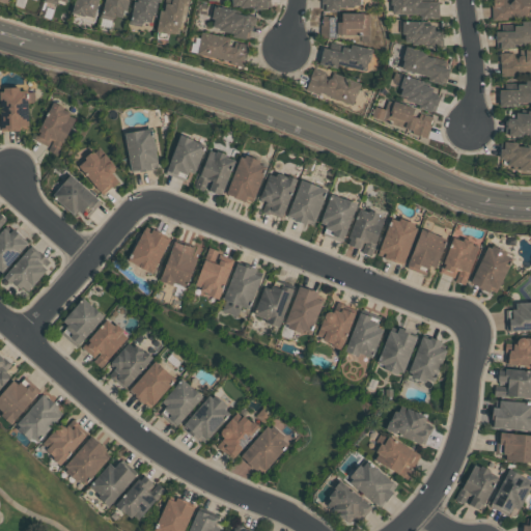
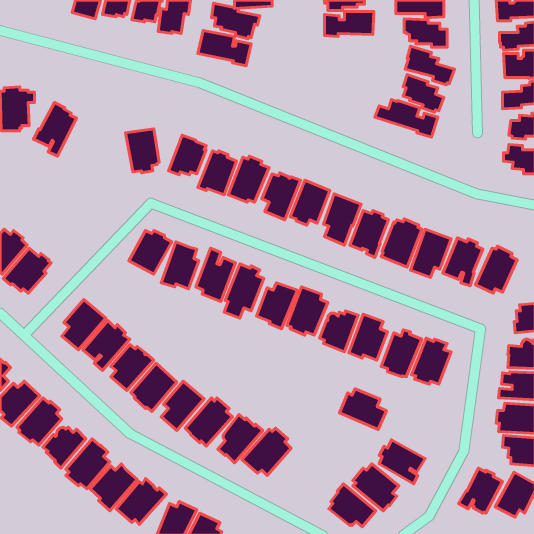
building: [320,45,373,72] -> none
building: [306,68,362,107] -> none
building: [80,147,120,196] -> none
building: [54,175,103,218] -> none
building: [387,406,434,446] -> [339,389,387,430]

